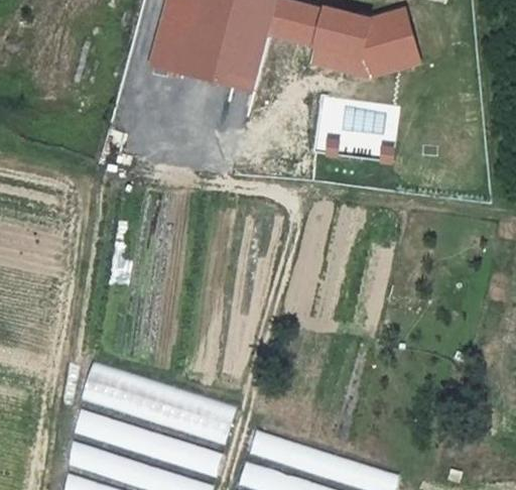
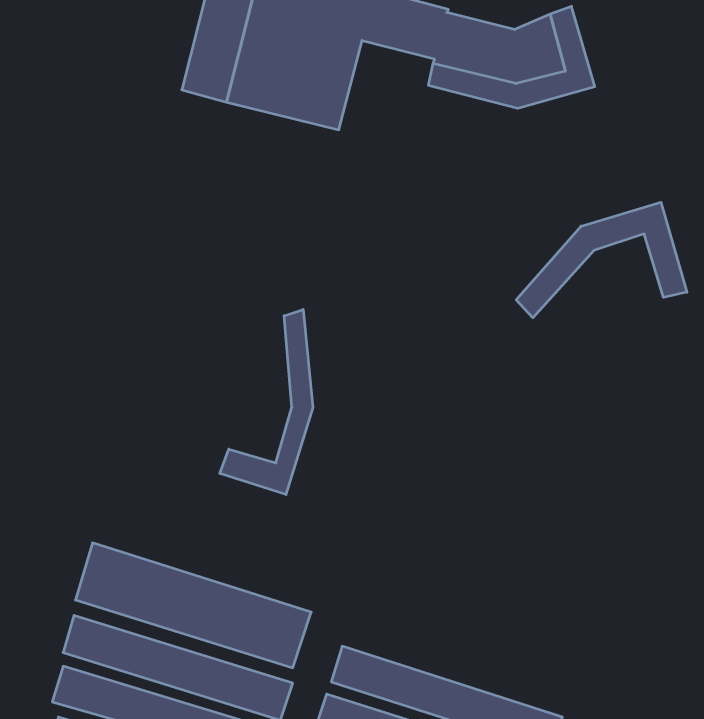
building: none -> [516,202,687,318]
building: none -> [220,309,313,495]

